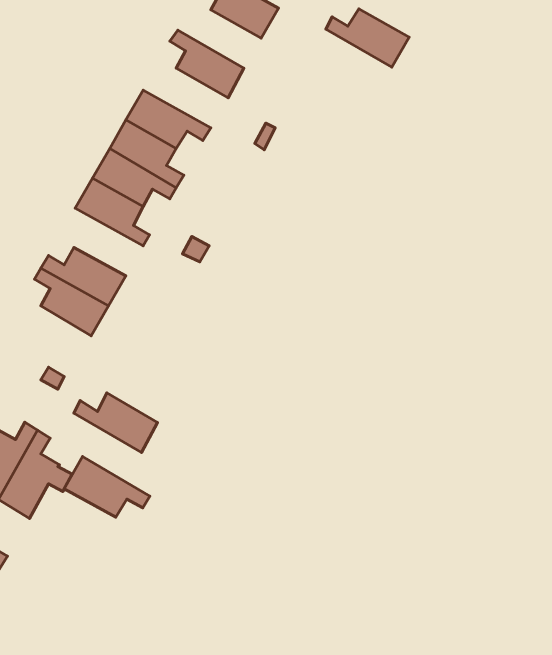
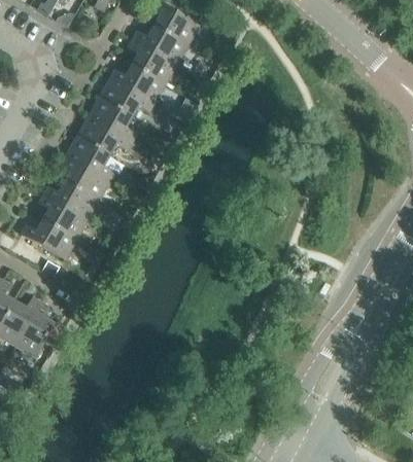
building: [326,9,409,67] -> [132,26,186,64]
building: none -> [109,64,165,103]
building: none -> [61,155,109,200]
building: [74,393,157,453] -> [21,219,75,258]
building: [64,456,150,517] -> none

